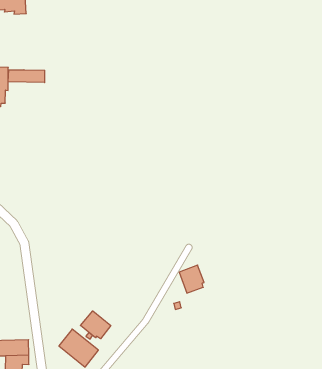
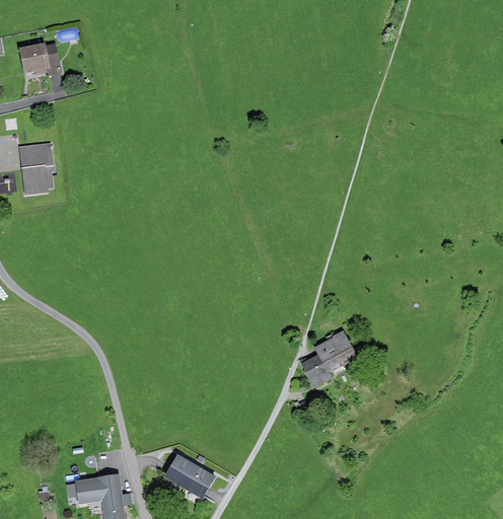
building: [8,70,45,83] -> none
building: none -> [316,329,357,371]
building: [80,311,111,339] -> none

